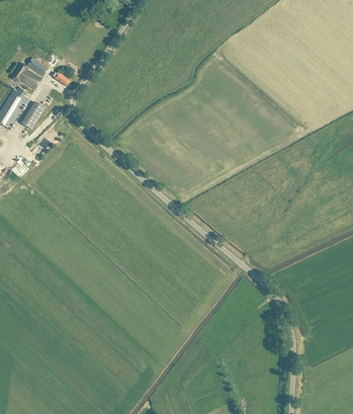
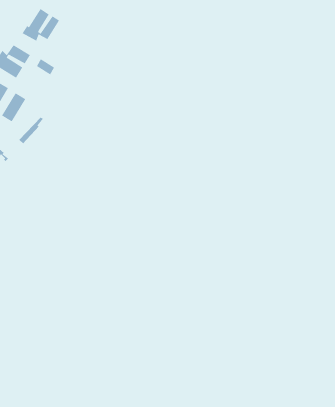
building: none -> [22,8,60,42]

